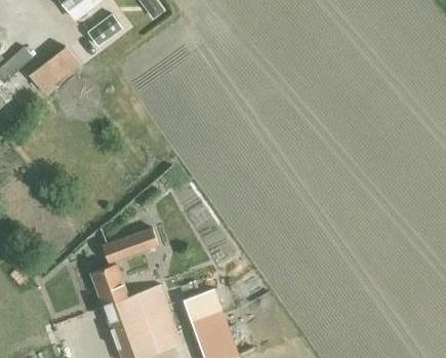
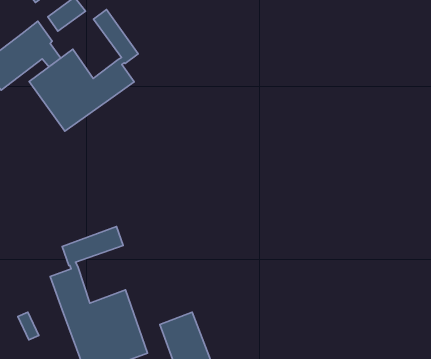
building: none -> [29,10,138,131]
building: [183,285,220,317] -> none

